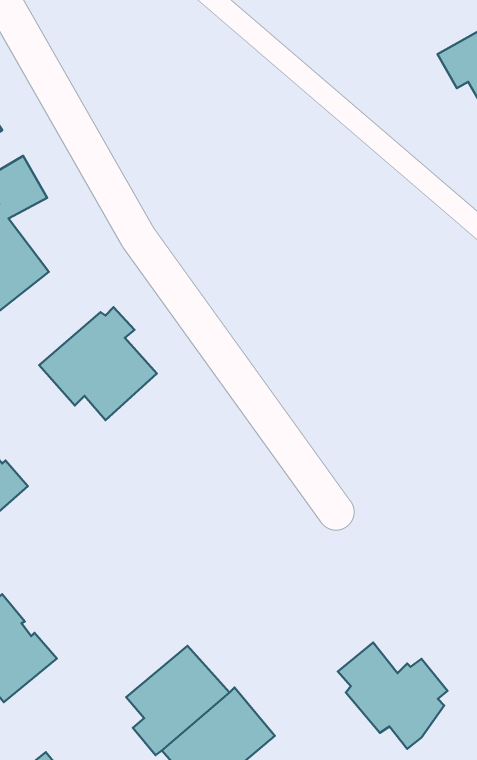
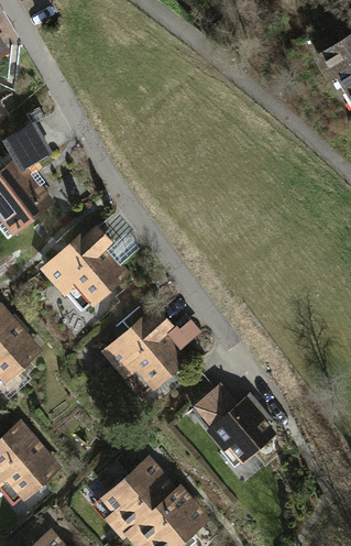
building: none -> [107,312,186,387]
building: [338,643,447,749] -> [197,385,272,458]

